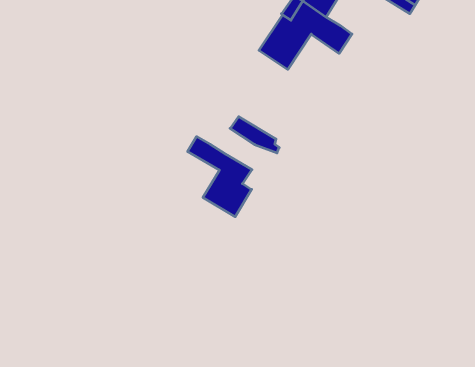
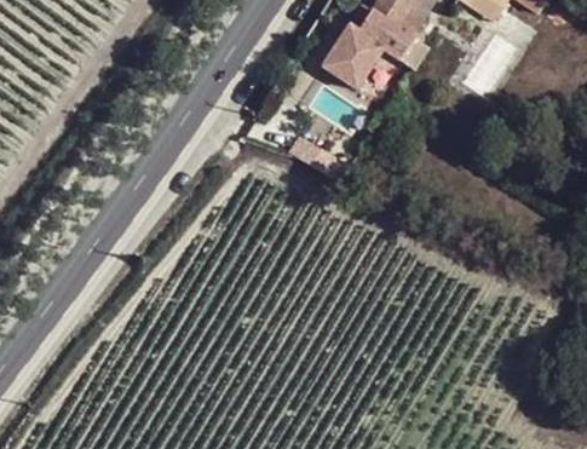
building: [188,137,252,217] -> none

